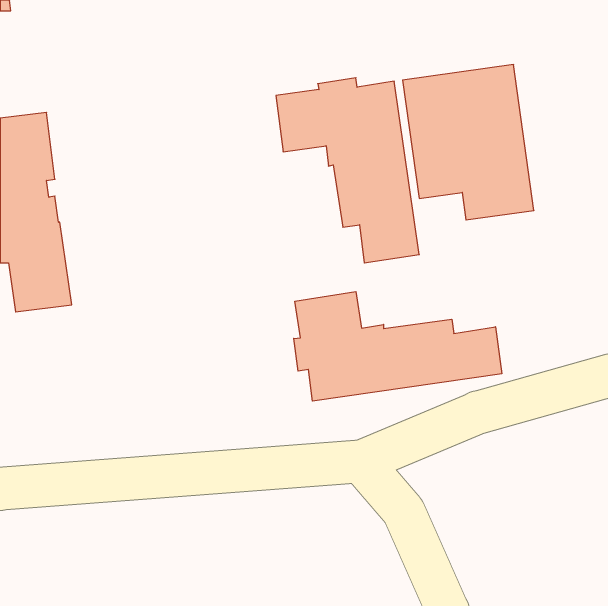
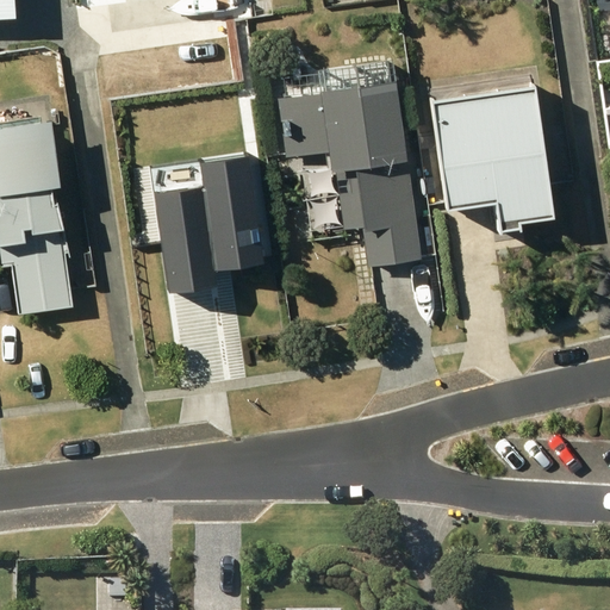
building: none -> [156,157,270,293]
building: [294,292,502,401] -> none

